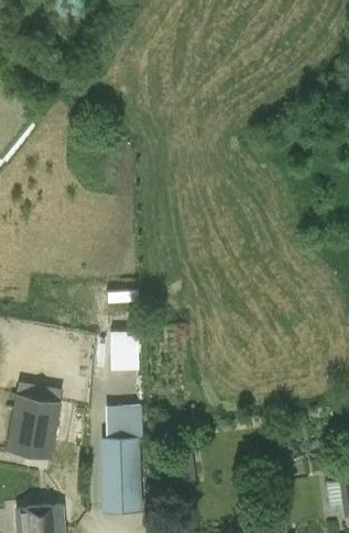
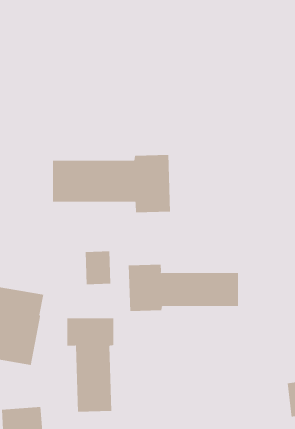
building: none -> [53,154,171,213]
building: none -> [128,264,238,312]

